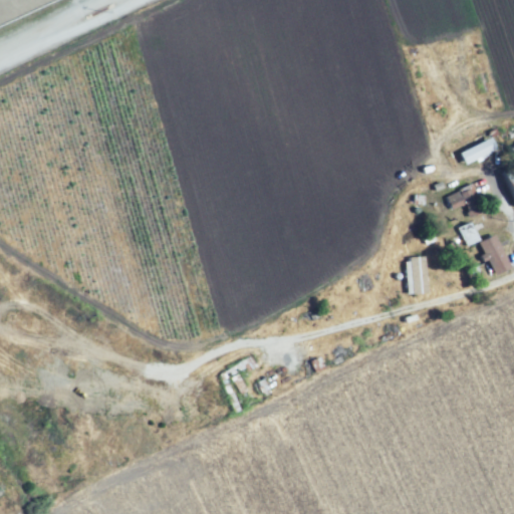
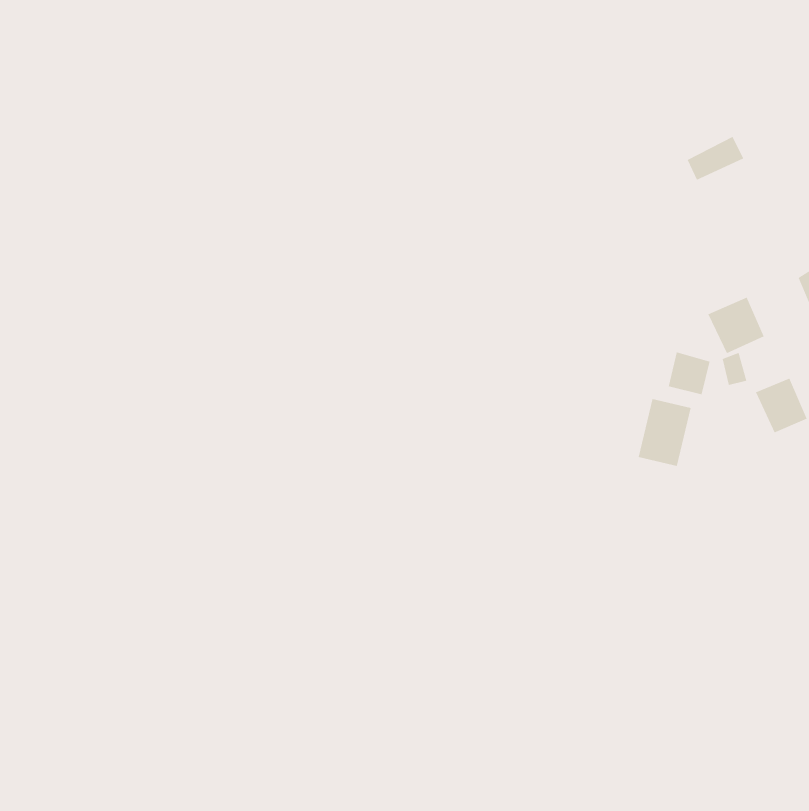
building: [461,137,497,165] -> [687,136,744,181]
building: none -> [668,352,710,395]

